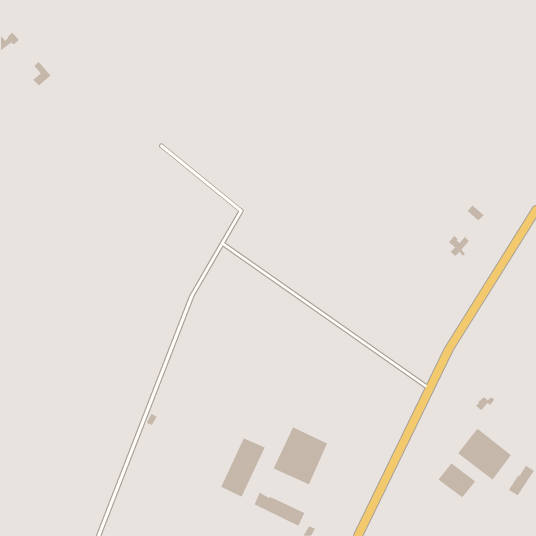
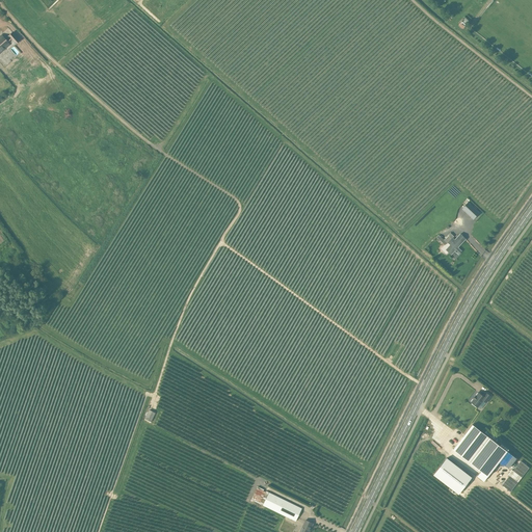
building: [273,426,328,485] -> none
building: [221,438,266,498] -> none

